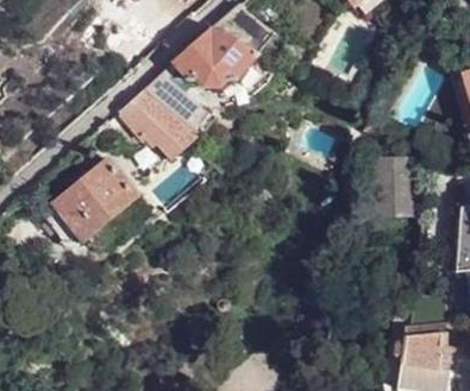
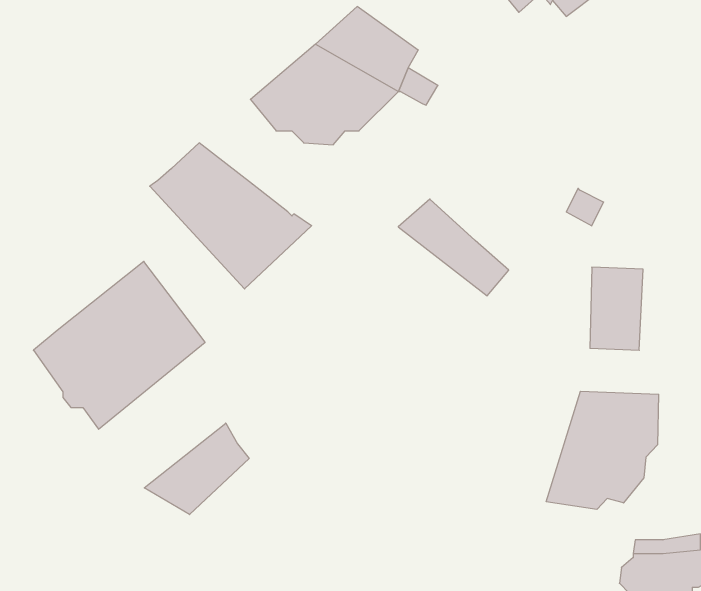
building: [140,71,207,130] -> [398,199,509,296]
building: none -> [546,391,659,509]
building: none -> [144,423,249,515]

